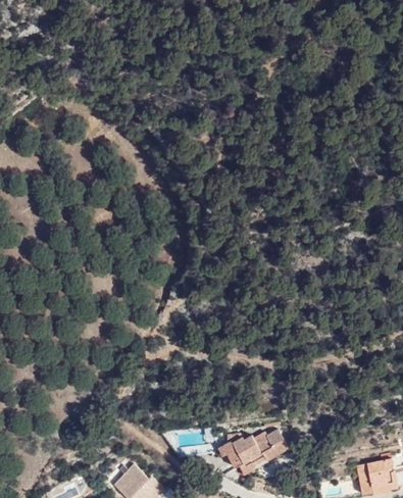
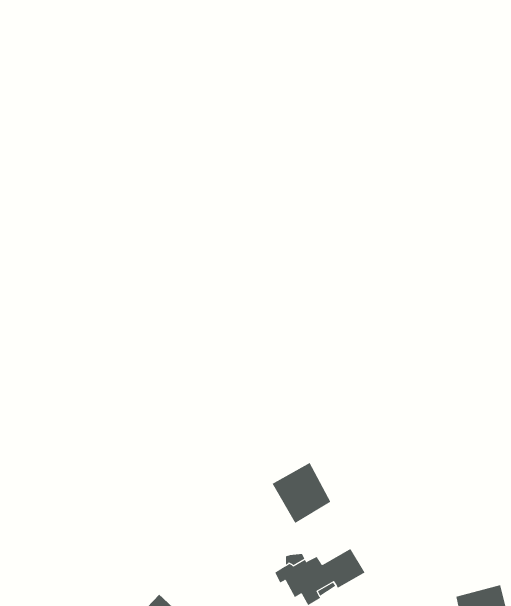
building: none -> [272,462,331,524]

